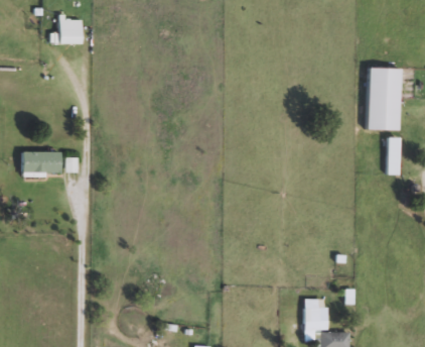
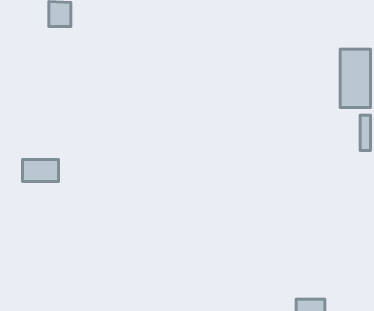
building: [22,150,60,174] -> [22,159,59,181]
building: [305,299,328,330] -> none

